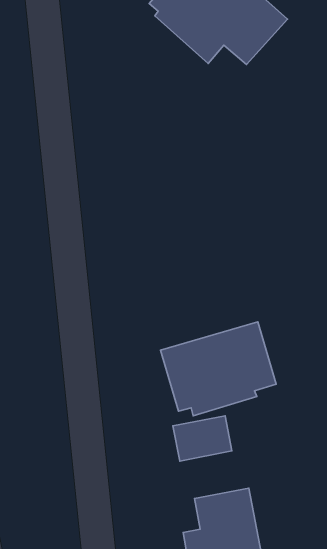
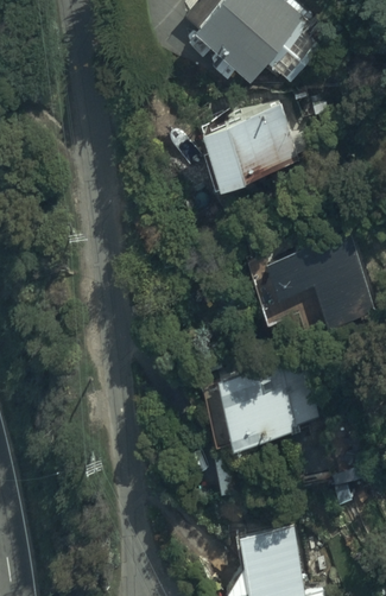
building: none -> [201,109,311,192]
building: none -> [261,237,360,332]

